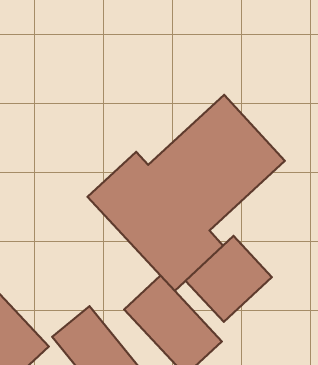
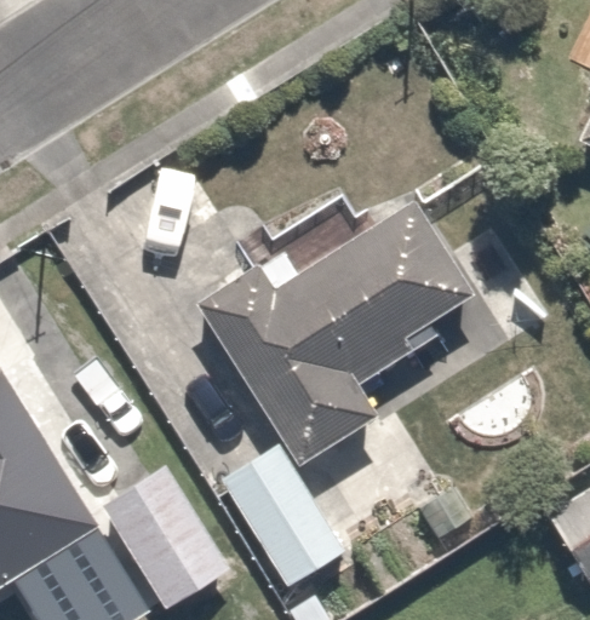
building: [186,236,272,322] -> none

